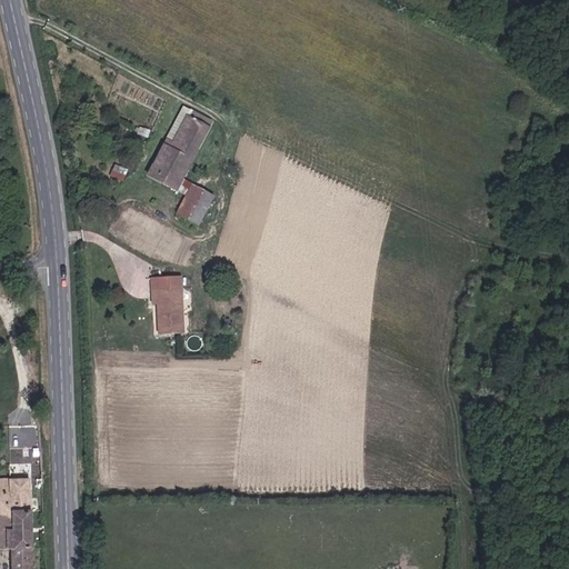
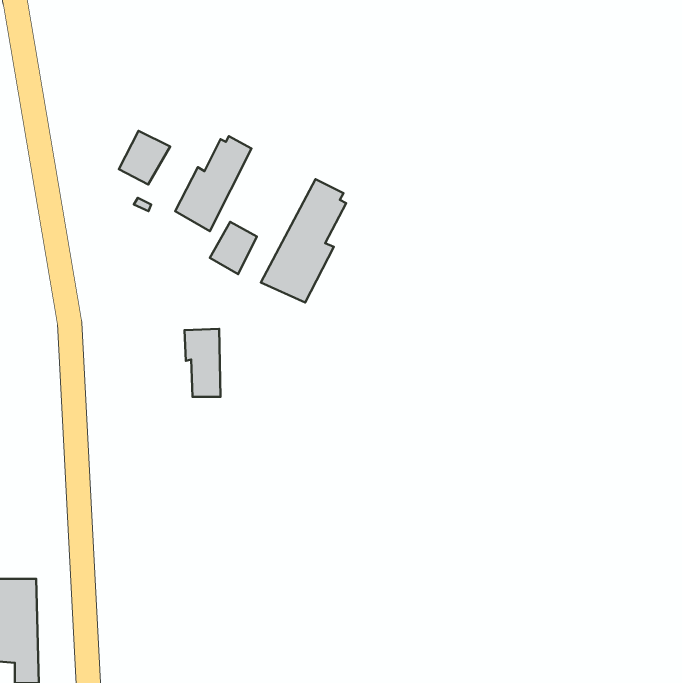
building: none -> [119,131,170,185]
building: none -> [261,179,346,303]

